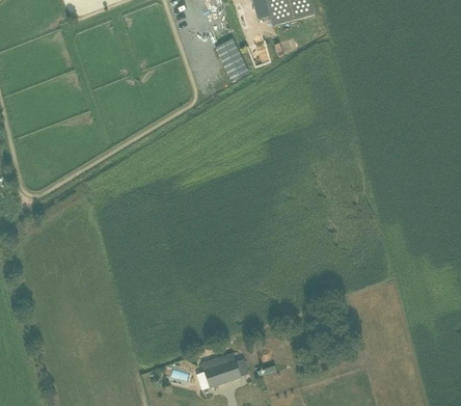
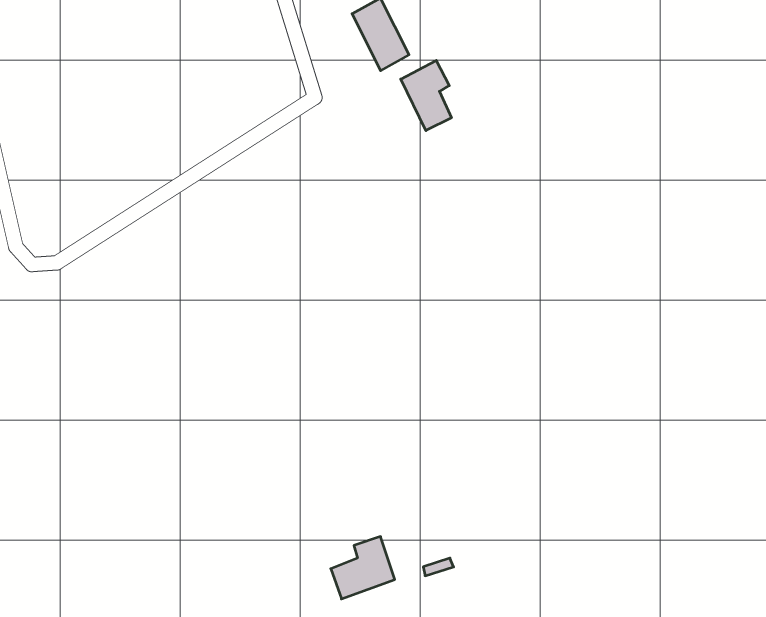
building: none -> [401,60,451,131]

